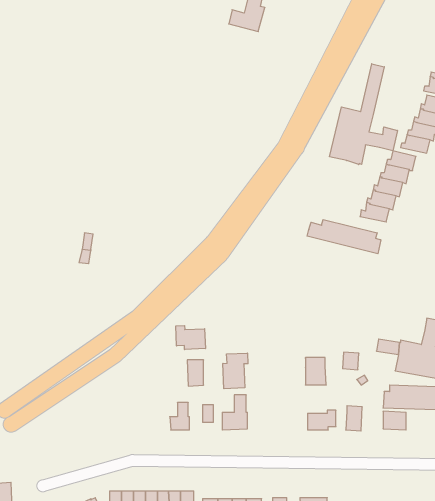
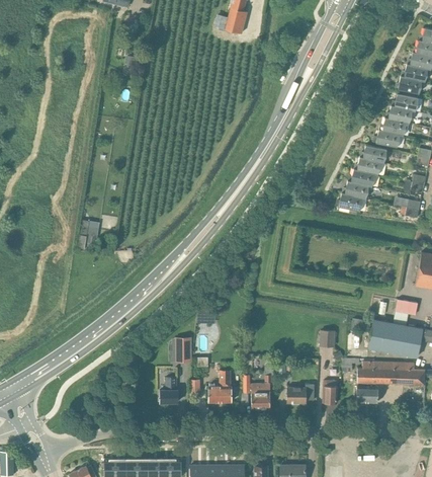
building: [330,64,397,165] -> none
building: [307,220,381,254] -> none
building: [176,326,205,350] -> none
building: [223,353,248,389] -> none
building: [305,358,326,385] -> [252,383,271,408]

